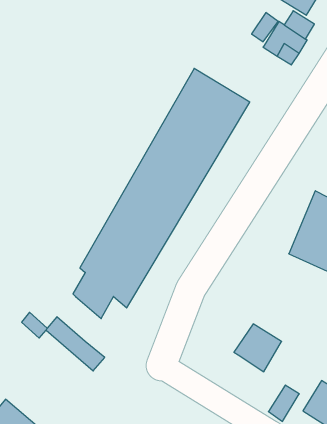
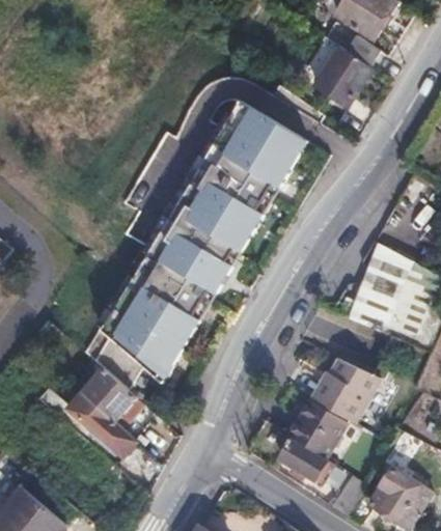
building: none -> [309,358,377,423]
building: none -> [79,368,134,421]
building: none -> [278,437,331,478]

